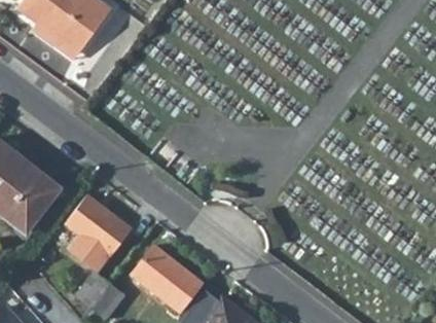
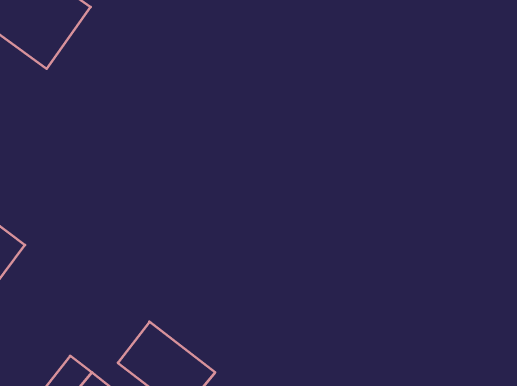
building: [66,195,119,256] -> none

